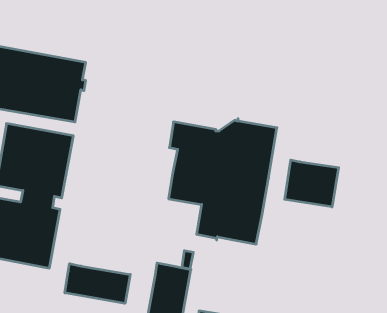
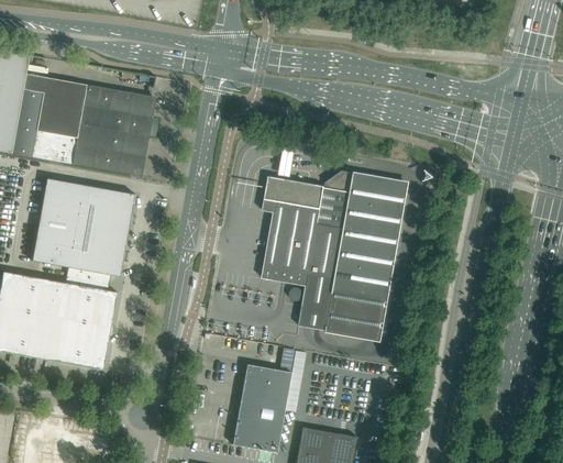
building: [285,160,339,207] -> none
building: [65,264,130,303] -> none

